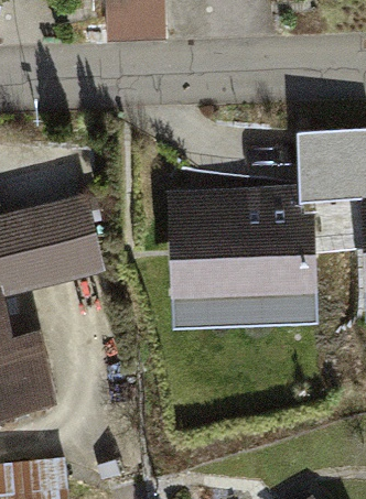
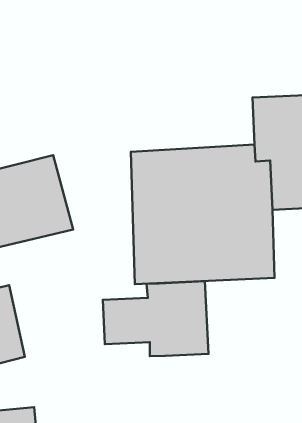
building: none -> [103,281,208,356]

